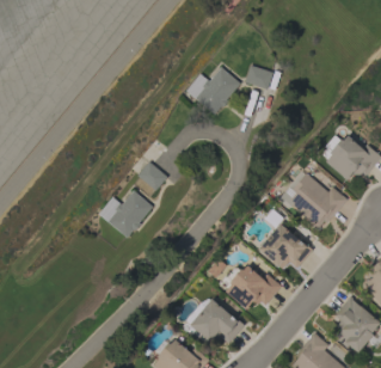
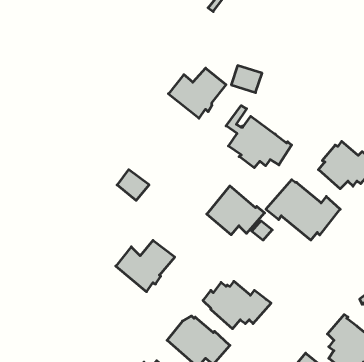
building: none -> [226,106,292,168]
building: [99,190,154,238] -> [116,240,175,292]
building: [259,223,313,269] -> [207,186,265,235]

